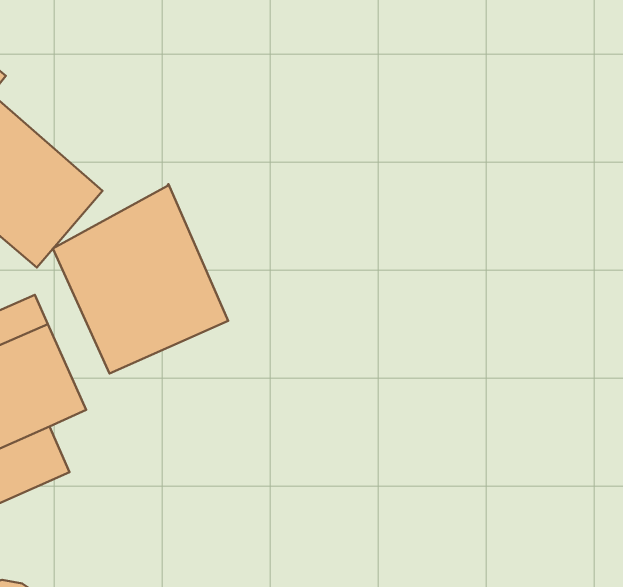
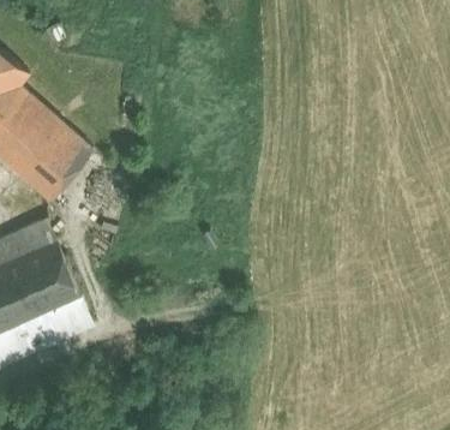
building: [53,184,228,373] -> none

